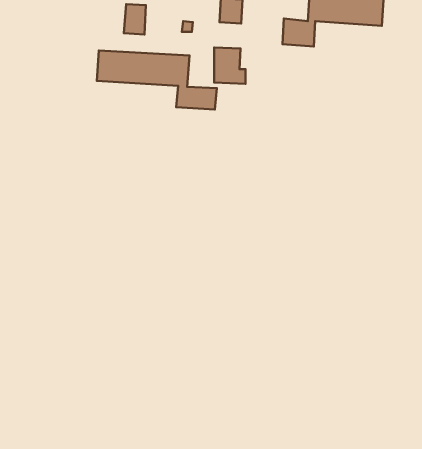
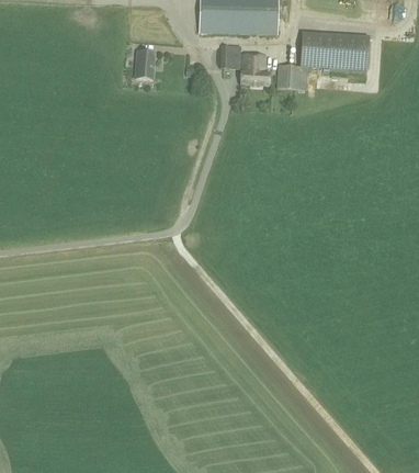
building: [214,47,245,84] -> [240,52,269,85]
building: [97,50,217,109] -> none

